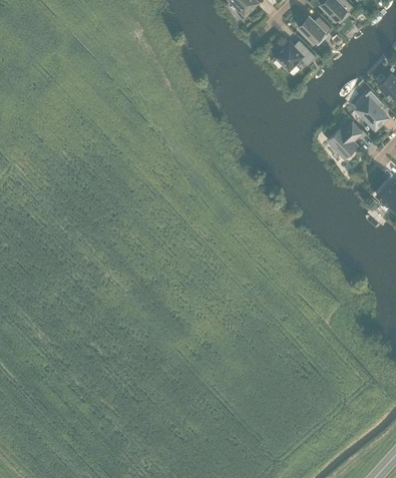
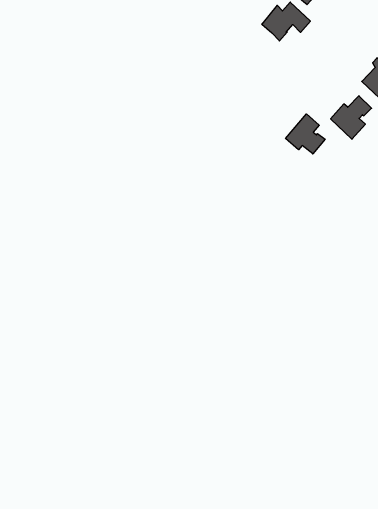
building: none -> [286,114,325,154]

